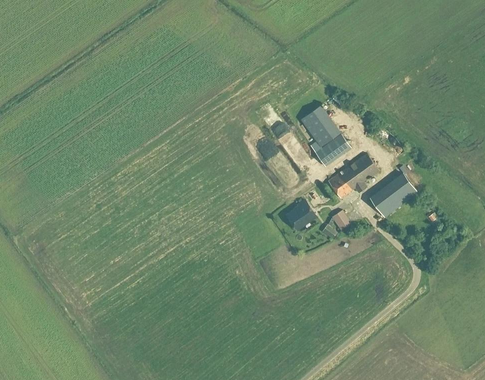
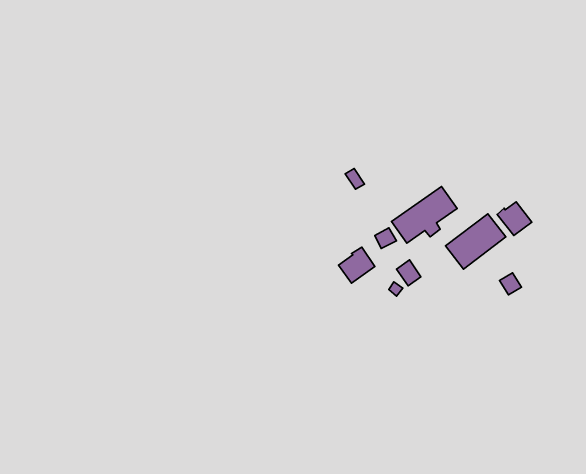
building: [301,105,351,166] -> none
building: none -> [497,202,532,236]

